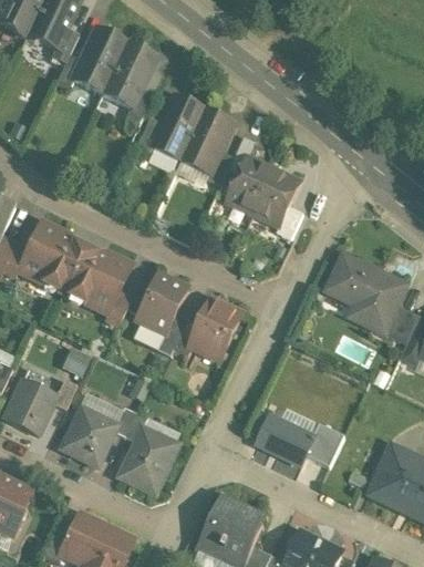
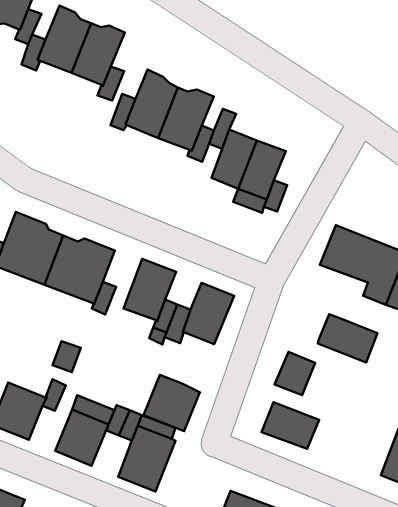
building: none -> [318,314,377,363]
building: none -> [143,375,200,431]
building: [303,424,343,466] -> [274,352,315,395]

